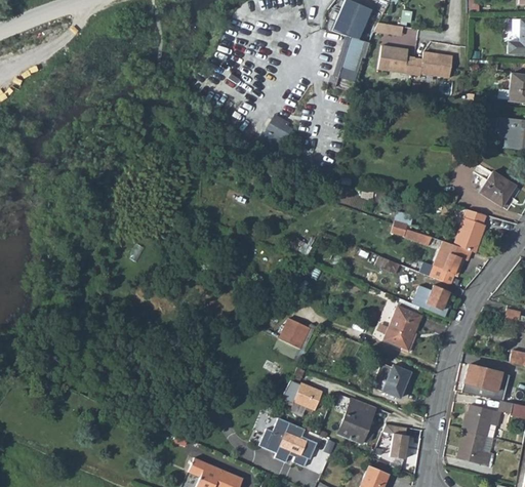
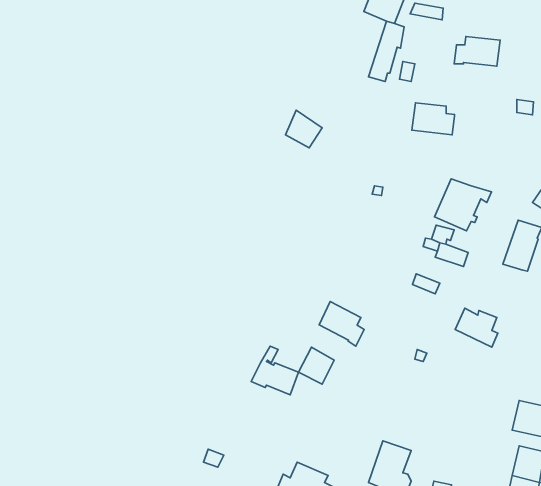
building: [377,45,414,73] -> [412,103,455,135]
building: [422,240,472,285] -> [434,179,491,231]
building: none -> [319,302,364,346]
building: [385,305,422,349] -> none
building: [374,365,411,398] -> none
building: [280,367,321,409] -> [251,346,298,395]

